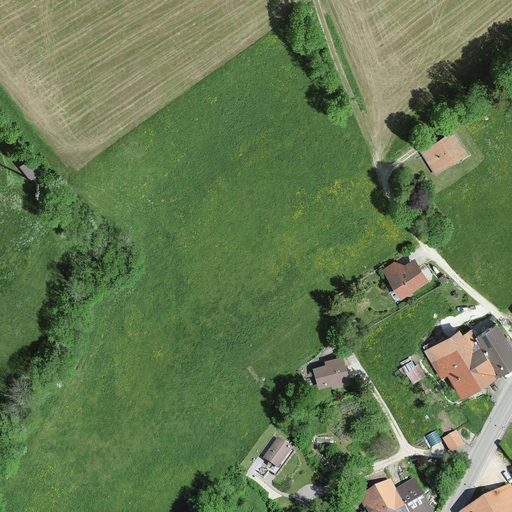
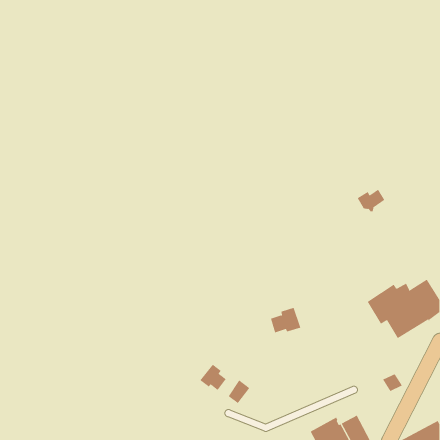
building: [423,132,465,171] -> none
building: [390,266,423,293] -> [357,189,385,212]
building: none -> [199,364,227,391]

